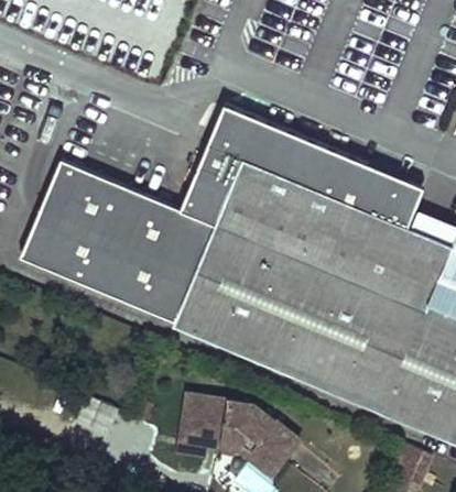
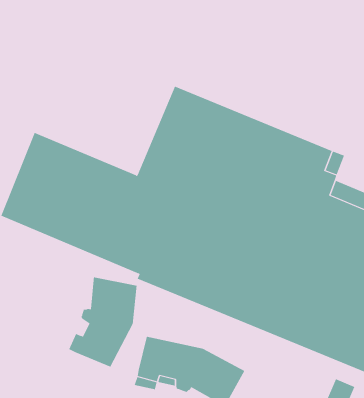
building: none -> [69,277,137,367]

